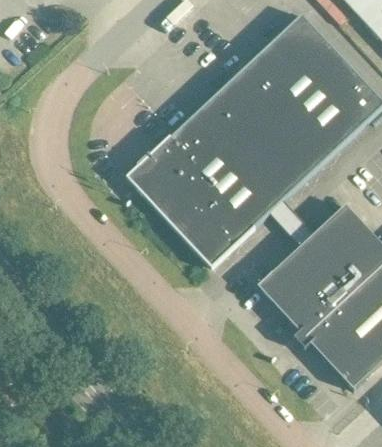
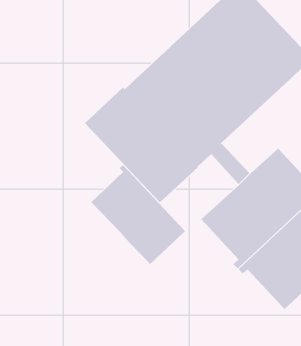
building: none -> [91,164,186,265]

